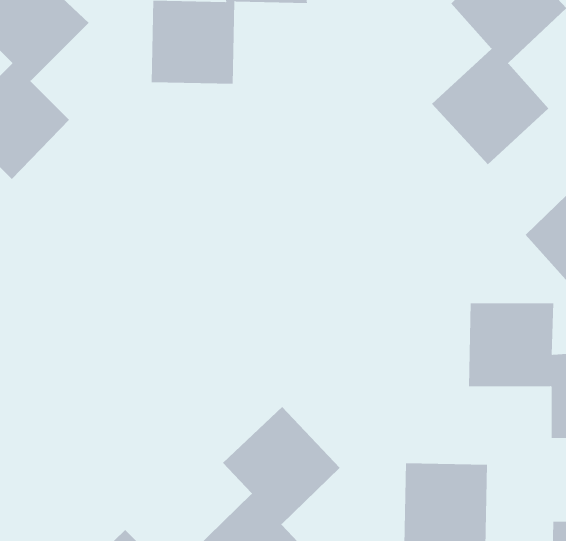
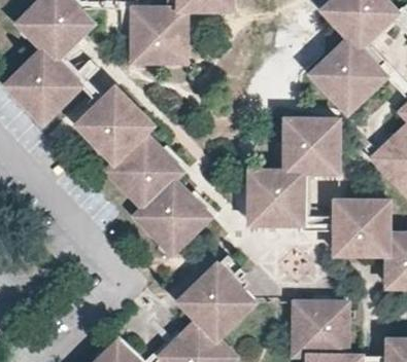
building: none -> [78,85,209,253]
building: none -> [248,118,338,223]

